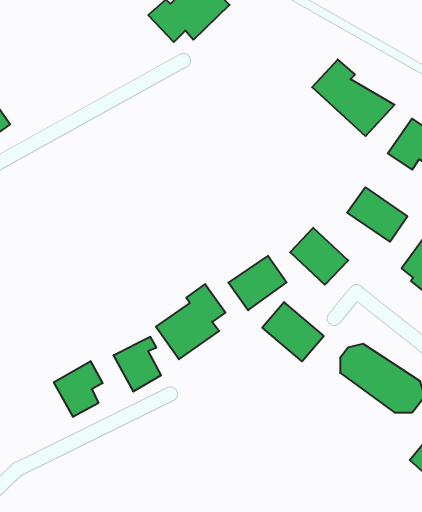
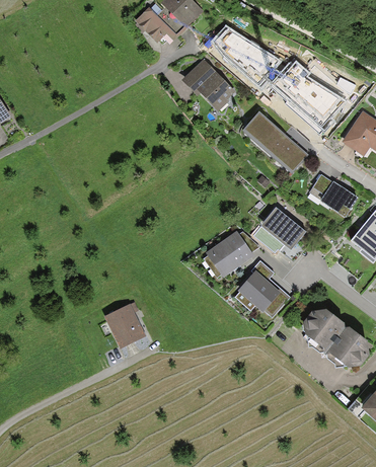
building: none -> [214,23,282,83]
building: none -> [181,61,234,112]
building: none -> [236,106,308,176]
building: [156,284,225,359] -> none
building: [54,361,103,417] -> none

